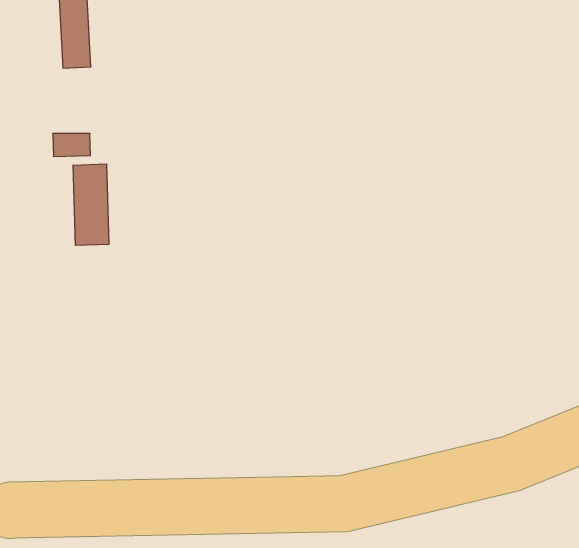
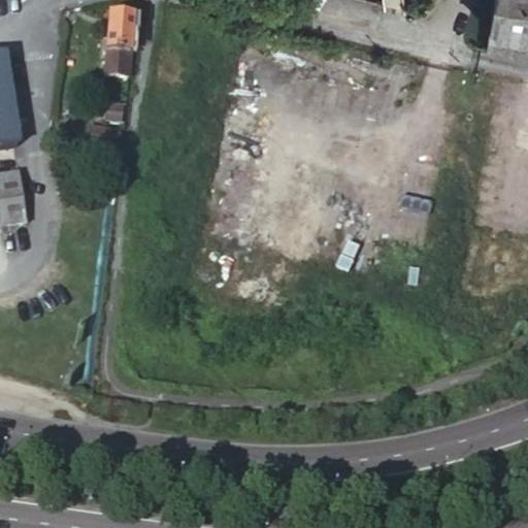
building: [73,164,109,245] -> none

